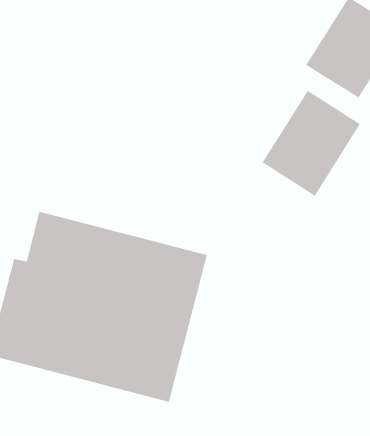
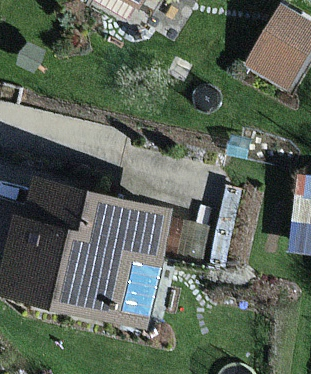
building: [262,90,361,197] -> none

